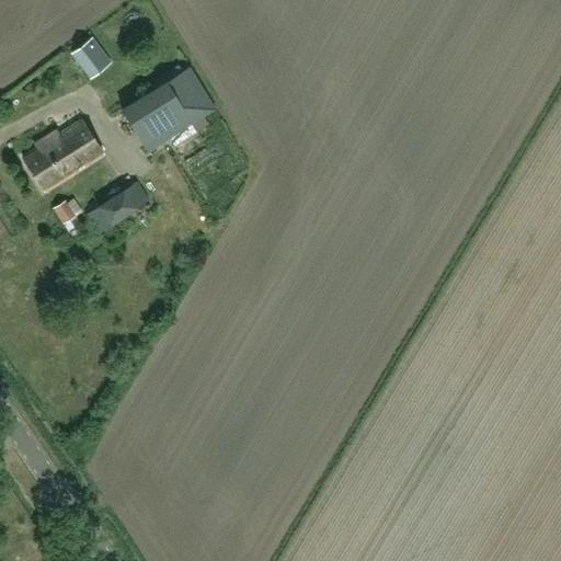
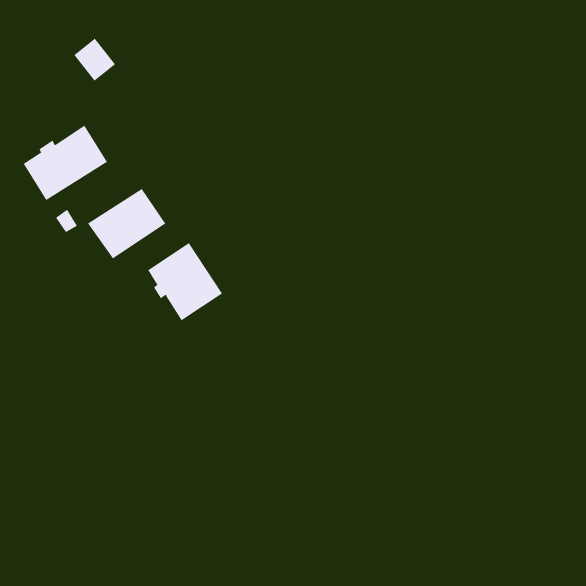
building: [122,66,216,151] -> none
building: none -> [148,242,223,321]

